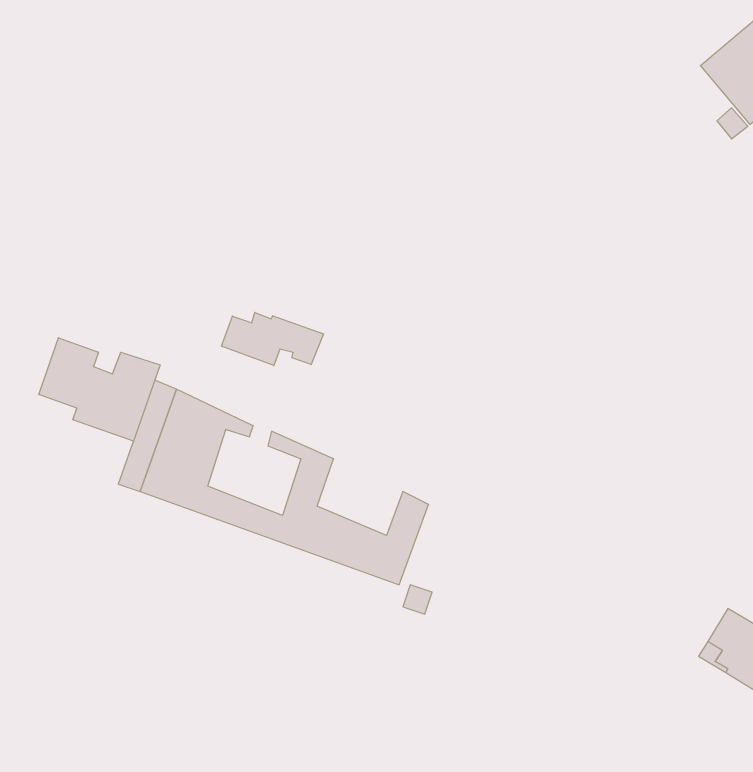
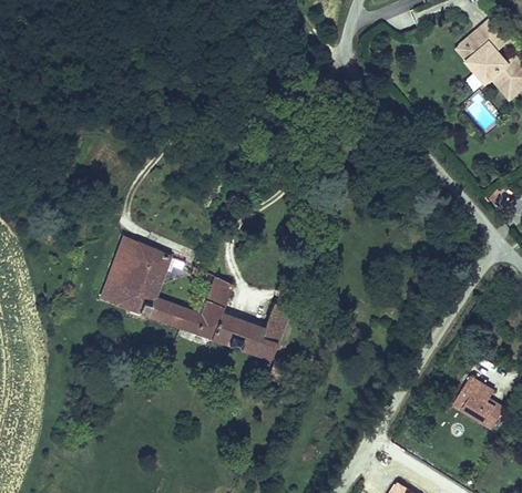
building: [222,312,323,366] -> none
building: [39,338,160,441] -> none

